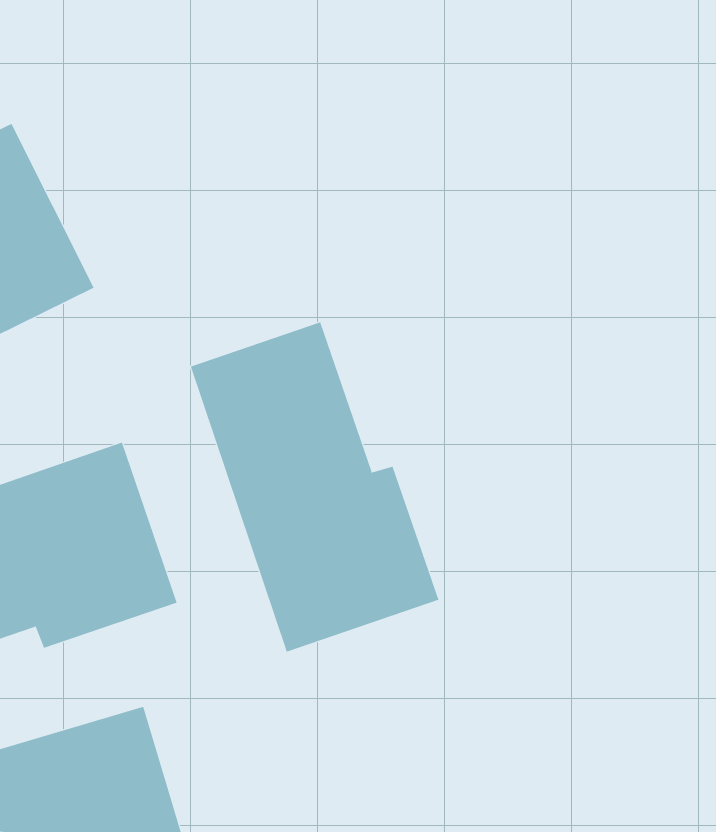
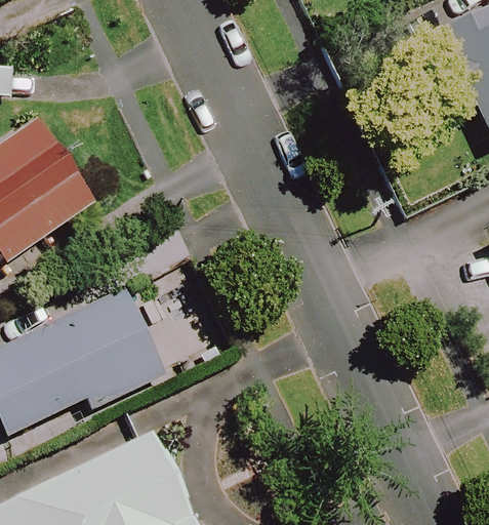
building: [190,322,439,652] -> none

